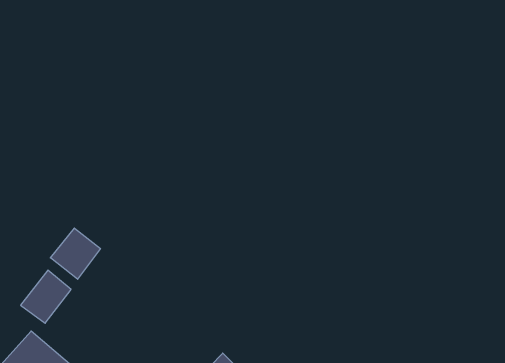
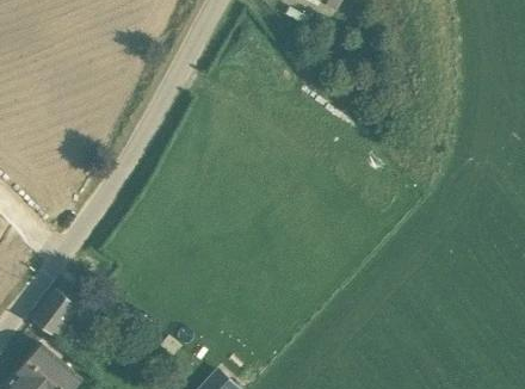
building: [50,228,100,279] -> none

